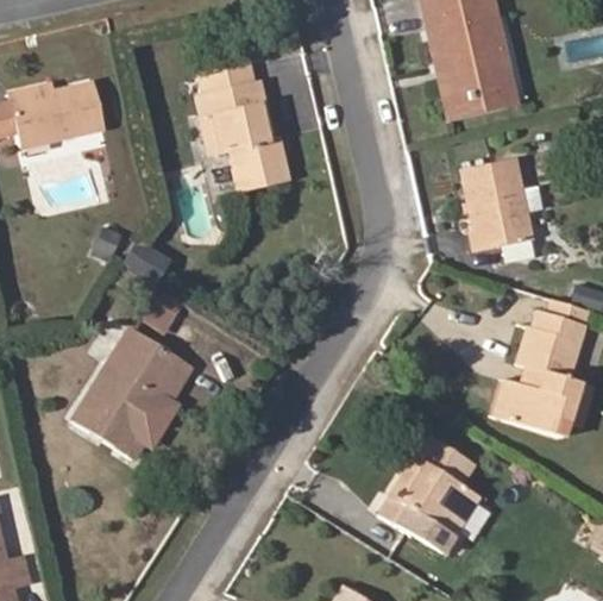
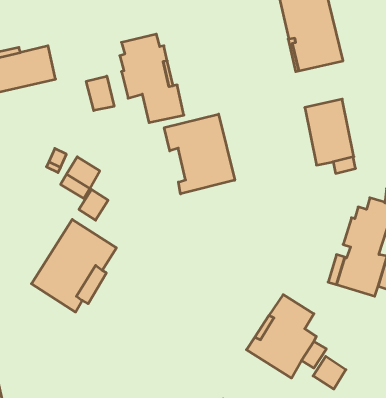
building: none -> [86,76,114,111]
building: none -> [164,114,235,194]
building: none -> [313,356,346,389]

